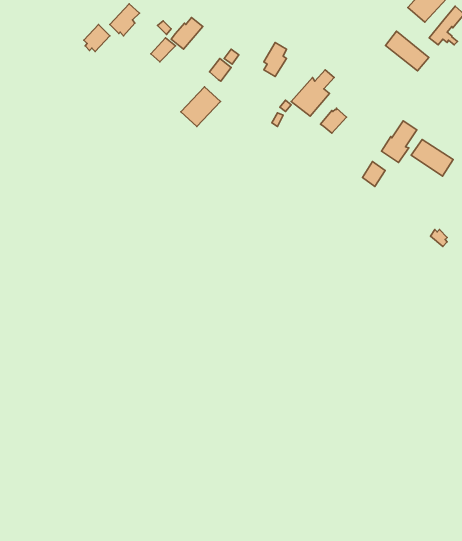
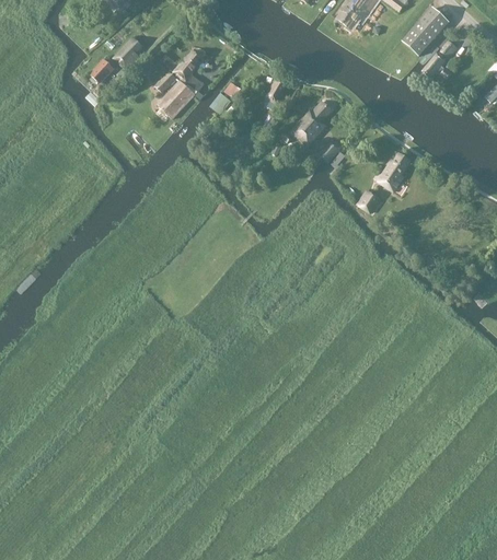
building: [385,31,429,71] -> none
building: [181,87,221,126] -> [159,80,197,118]
building: [411,140,453,176] -> none

